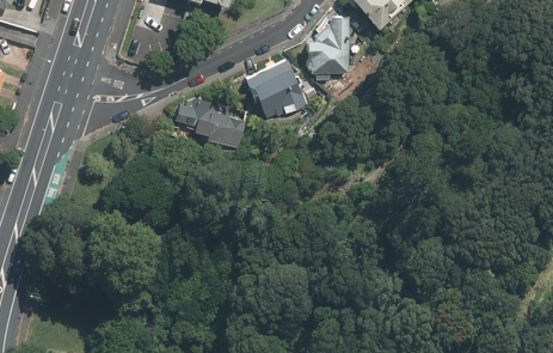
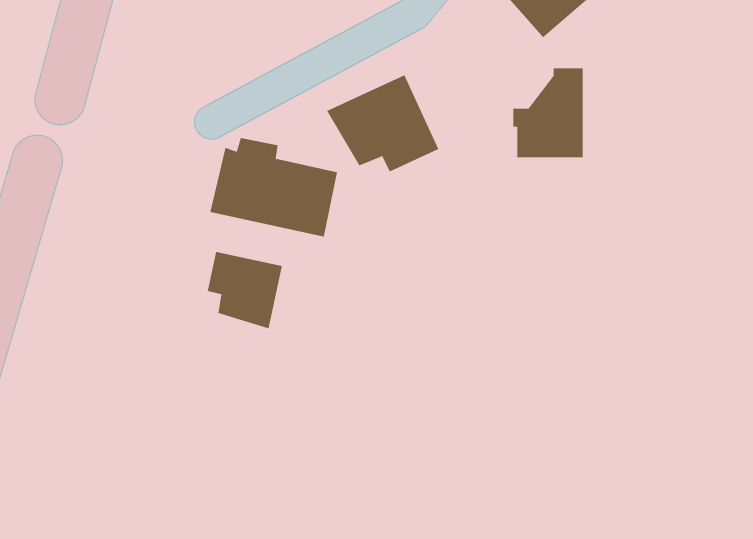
building: [305,17,349,73] -> [513,68,583,158]
building: none -> [207,251,283,329]

